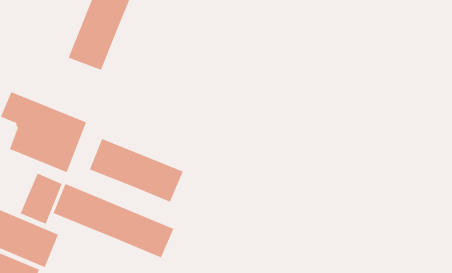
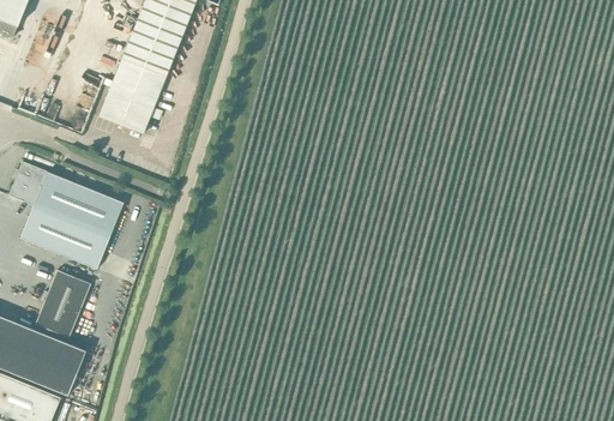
building: [89,138,184,202] -> none
building: [53,183,174,258] -> none

